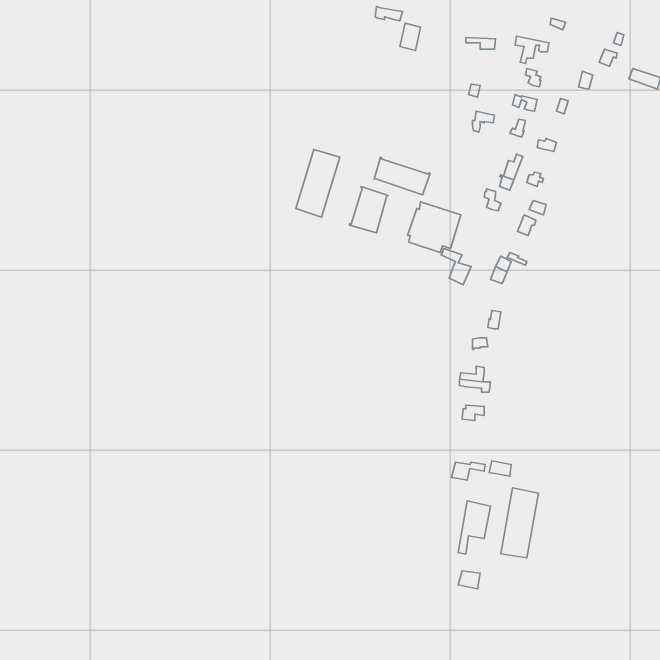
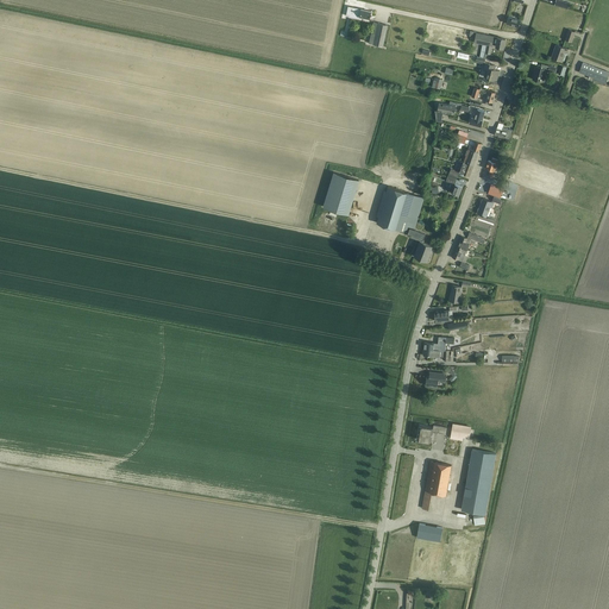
building: [296,150,340,217] -> none
building: [374,157,430,195] -> none

